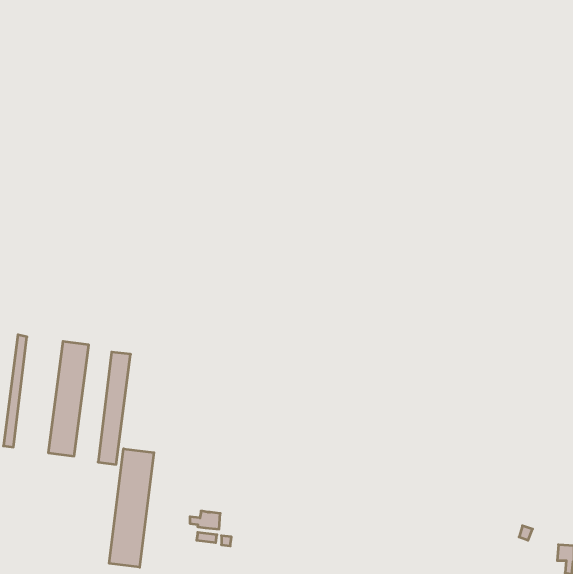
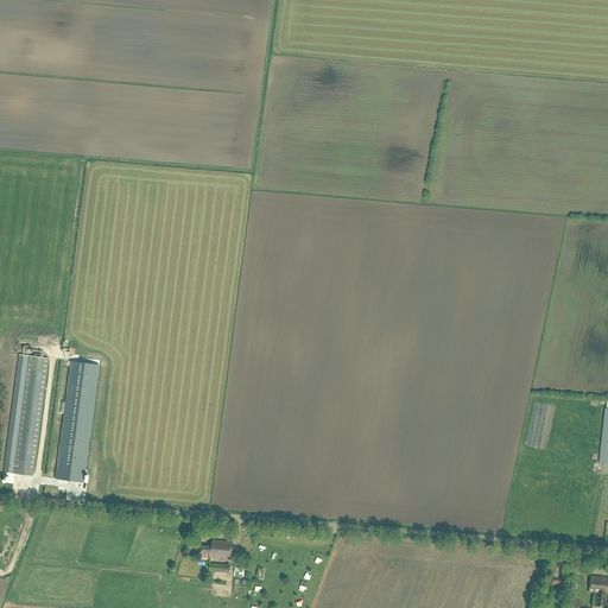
building: [98,352,131,464] -> [15,356,50,475]
building: [109,449,154,567] -> none

